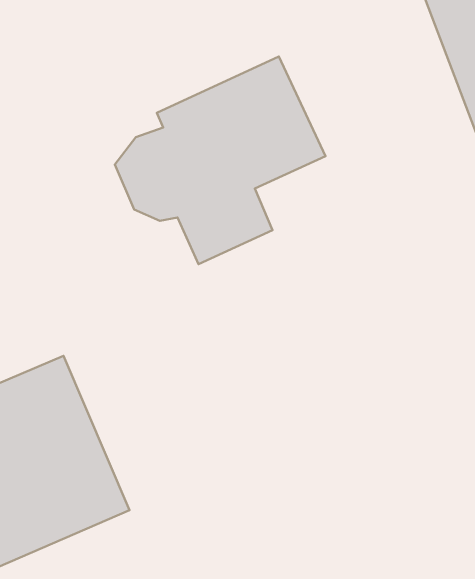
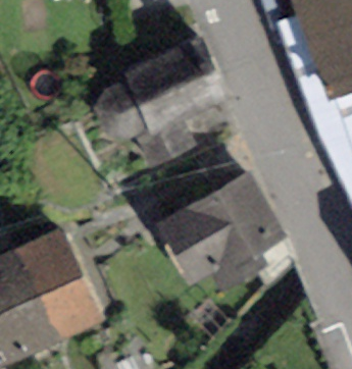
building: none -> [156,172,287,293]

